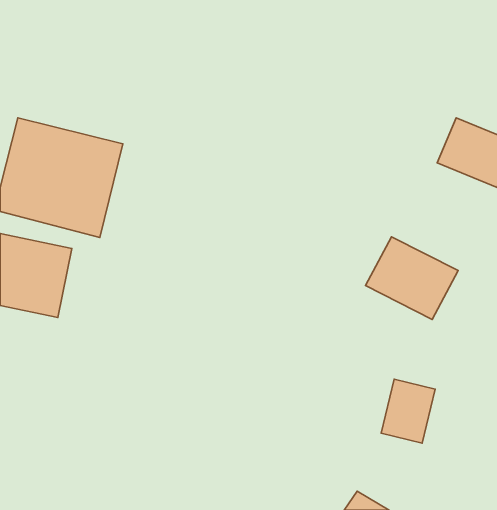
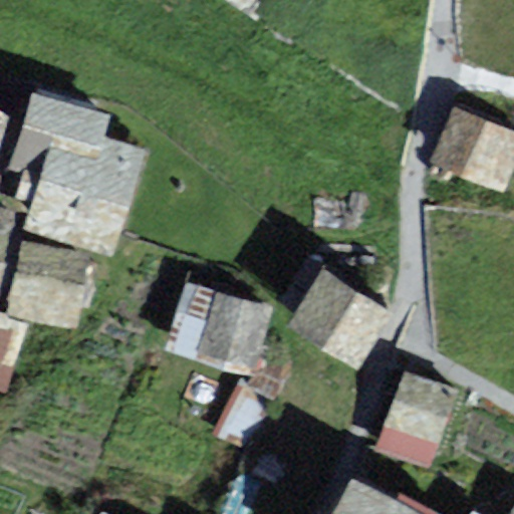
building: [365,237,458,320] -> [286,273,379,356]
building: none -> [180,285,268,360]

